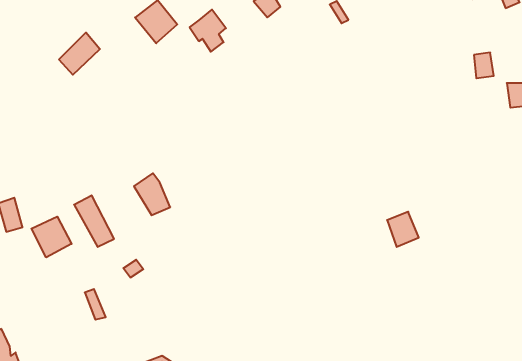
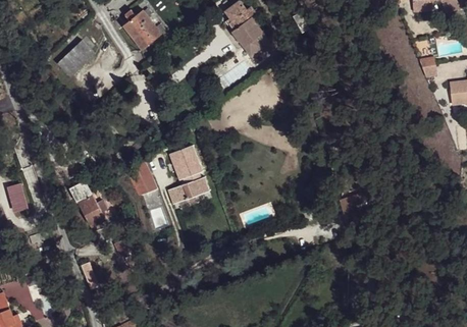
building: [190,10,226,52] -> [231,16,263,53]
building: none -> [167,149,208,204]
building: [31,217,72,257] -> none

